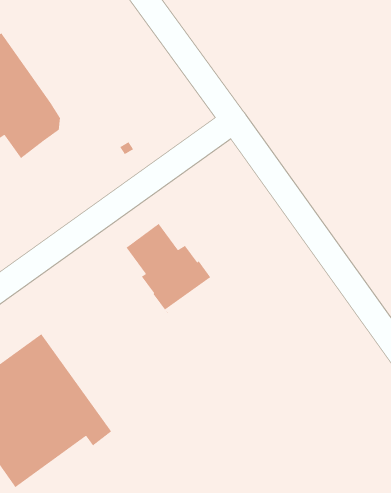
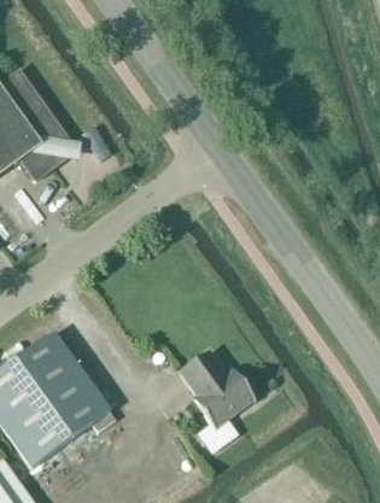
building: [126,223,213,314] -> [180,350,256,429]

